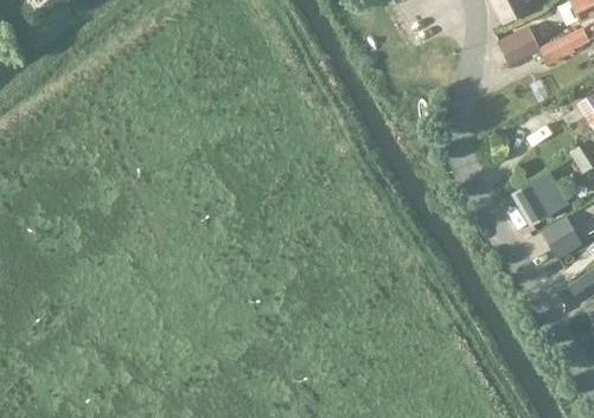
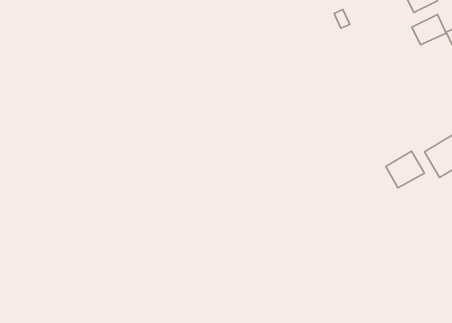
building: none -> [386,151,425,188]

